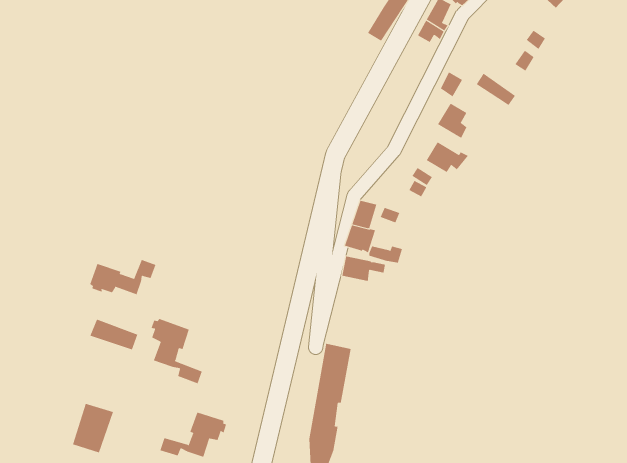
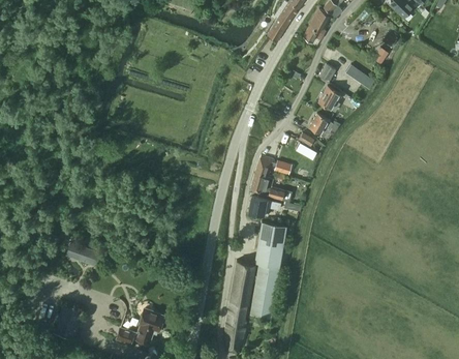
building: [89,259,156,295] -> none
building: none -> [250,220,286,317]
building: [151,318,202,384] -> none

